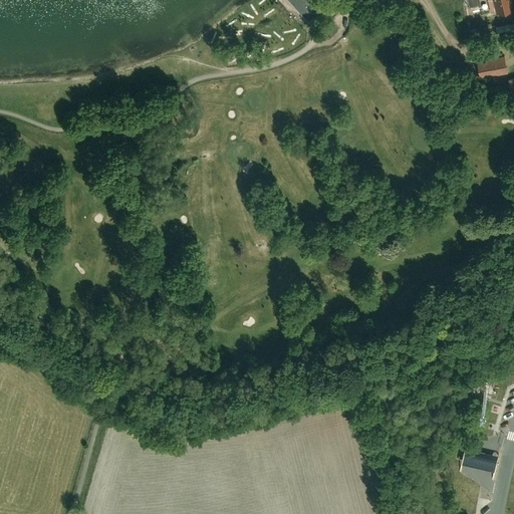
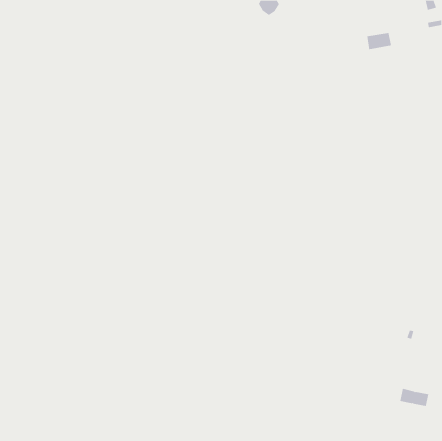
building: [477,59,506,79] -> [367,33,392,50]

